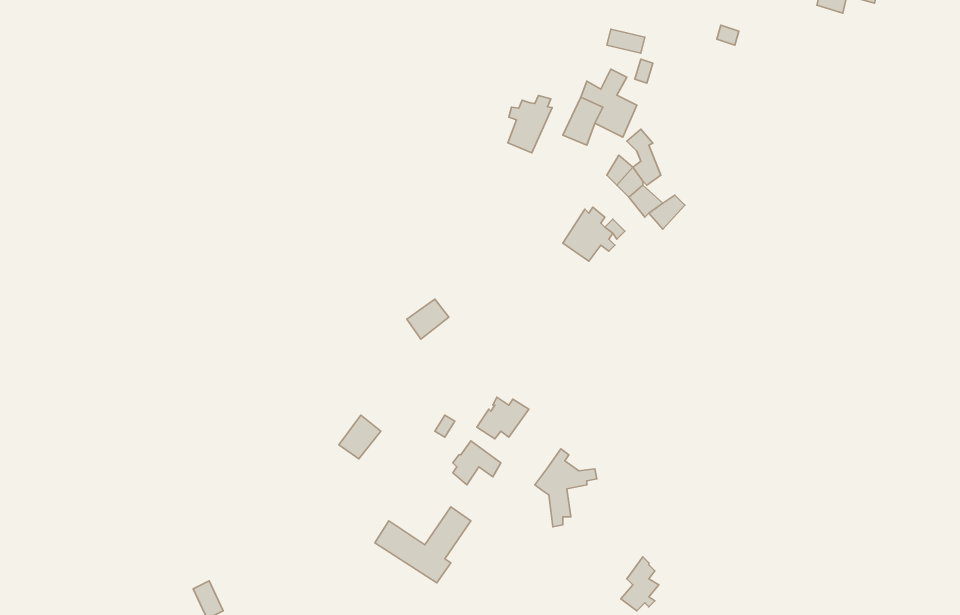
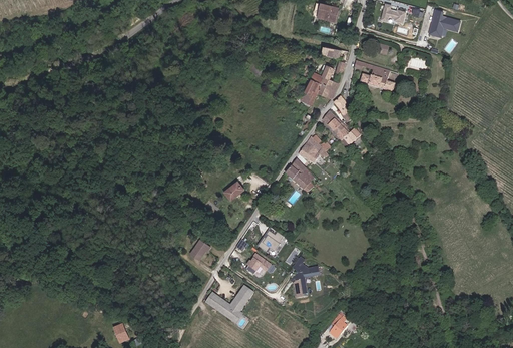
building: none -> [354,60,393,90]
building: [508,95,552,153] -> none
building: none -> [287,158,315,194]

